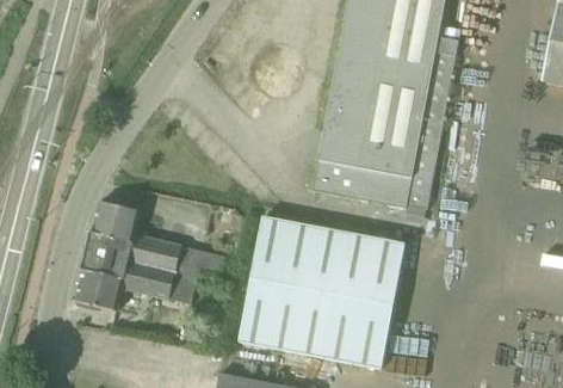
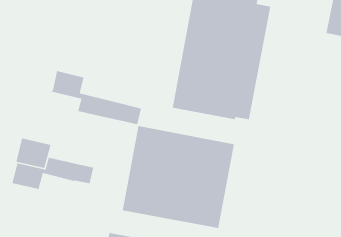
building: [89,201,225,282] -> [50,70,142,125]

